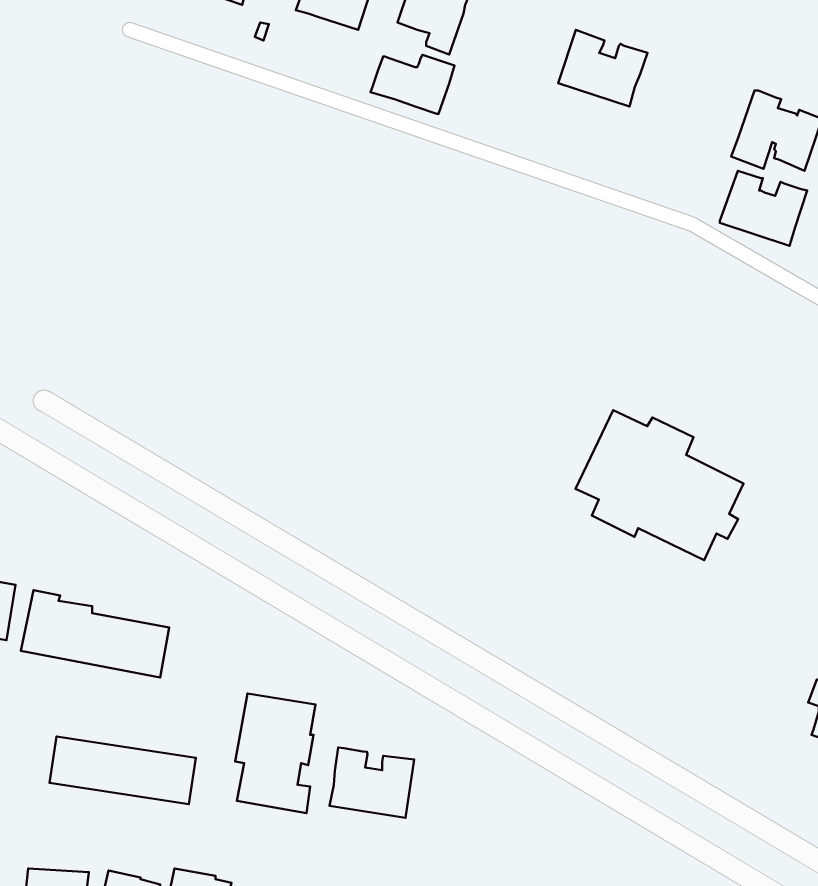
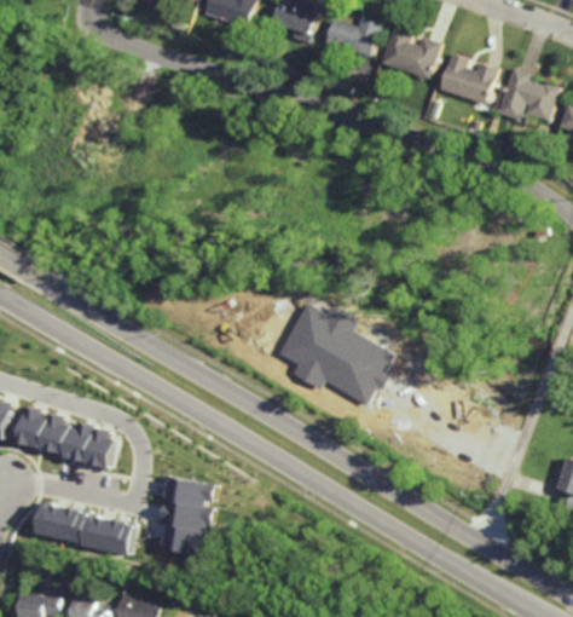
building: [371,55,455,114] -> [324,17,381,57]
building: [720,171,807,246] -> [439,54,498,105]
building: [576,410,743,560] -> [280,302,394,404]
building: [329,747,414,818] -> none

